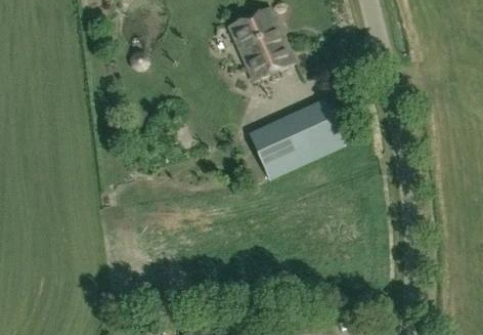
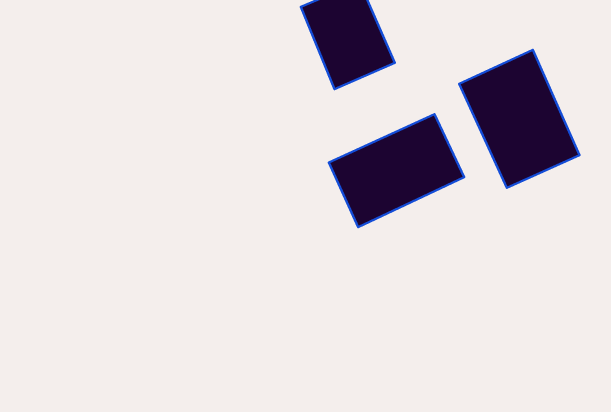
building: none -> [459,50,580,188]

